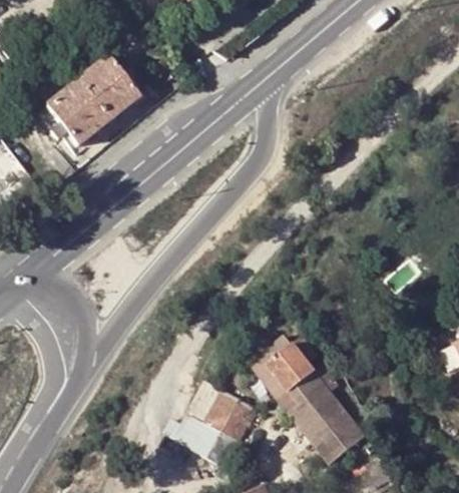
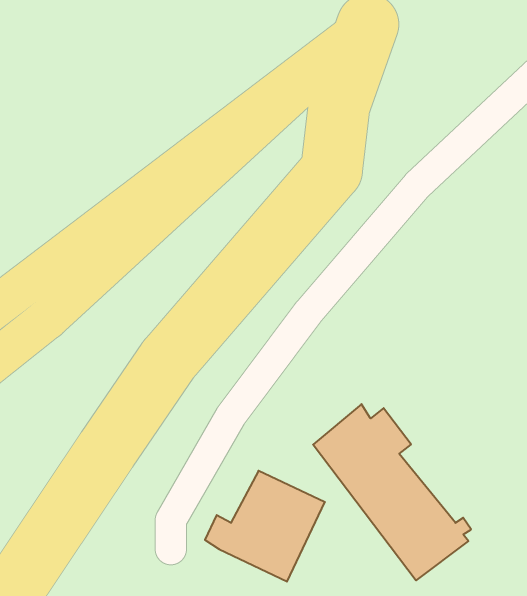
building: [42,53,135,144] -> none

